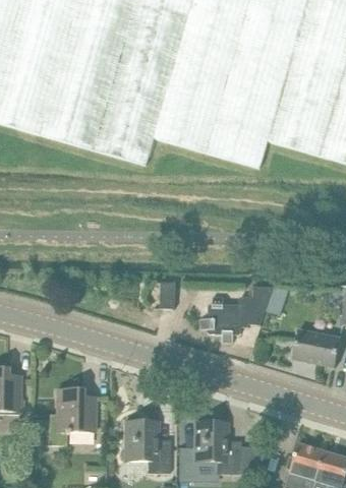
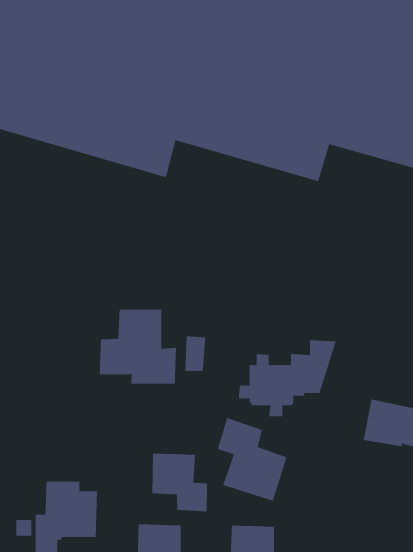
building: none -> [99,309,177,385]
building: none -> [217,417,287,501]
building: none -> [152,453,207,512]

